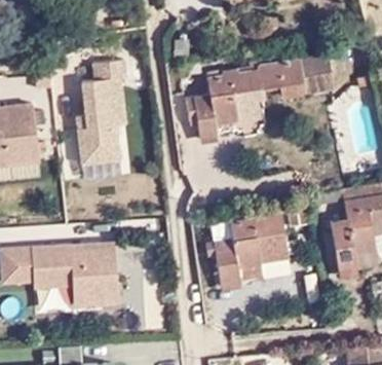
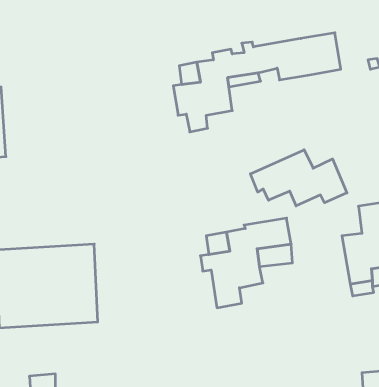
building: [74,61,129,179] -> none
building: none -> [250,150,347,206]

